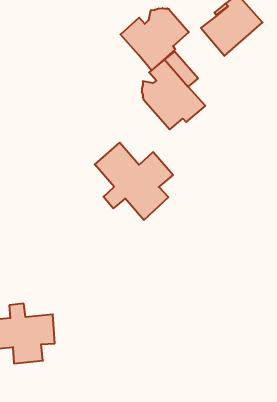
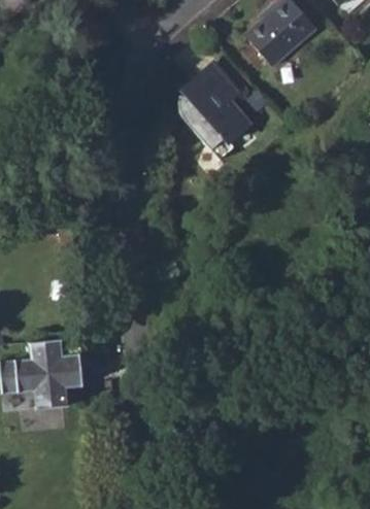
building: [120,8,189,70] -> none
building: [95,143,173,220] -> none

